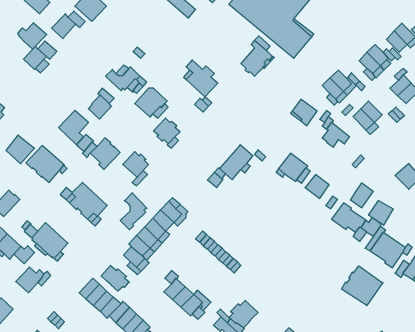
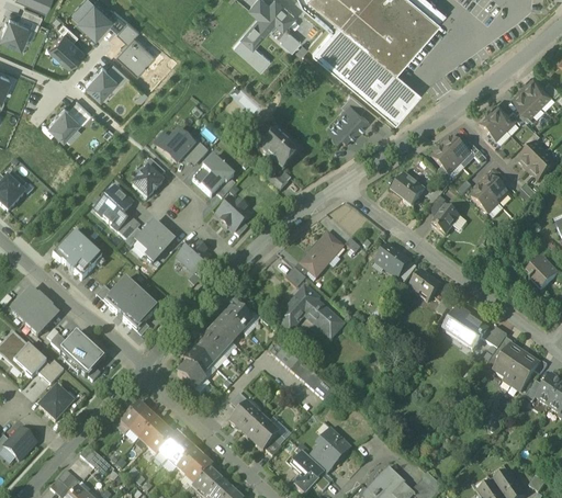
building: [18,23,47,49] -> none
building: [6,135,35,164] -> none
building: [350,183,373,208] -> none
building: none -> [277,285,342,337]
building: [120,193,147,230] -> none
building: none -> [24,301,58,336]
building: [369,200,393,225] -> none
building: [101,265,129,291] -> none
building: [342,266,383,306] -> none

